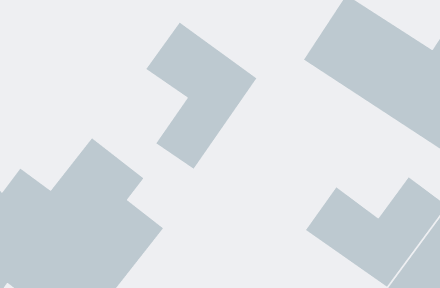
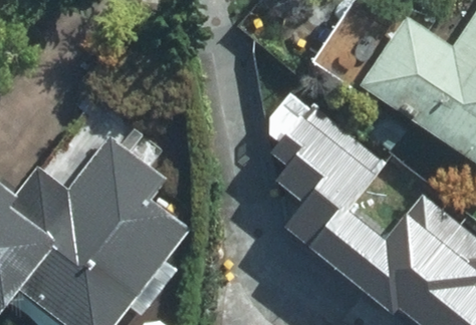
building: [145,21,258,170] -> none
building: none -> [276,95,387,244]

